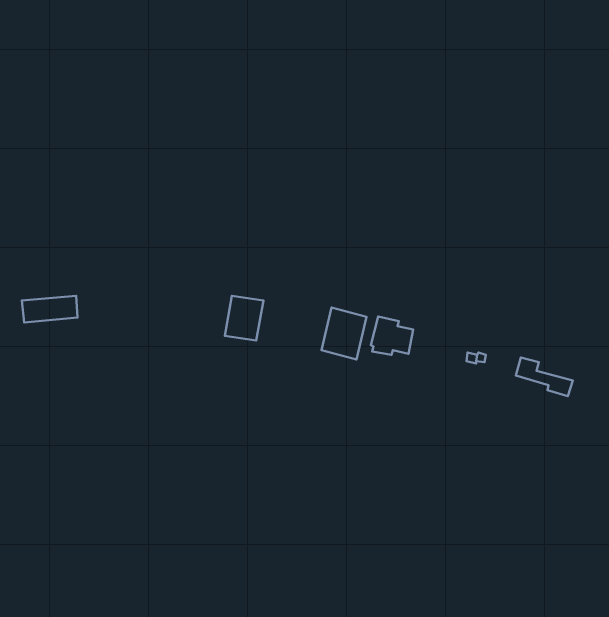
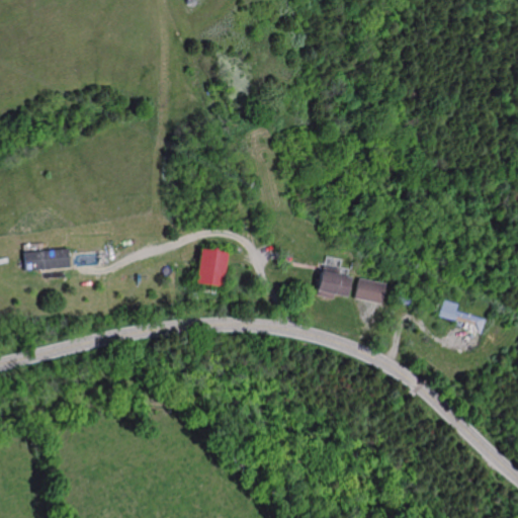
building: [322,308,367,359] -> none
building: none -> [356,278,387,304]

